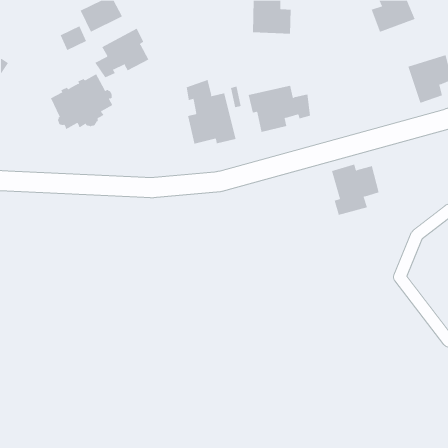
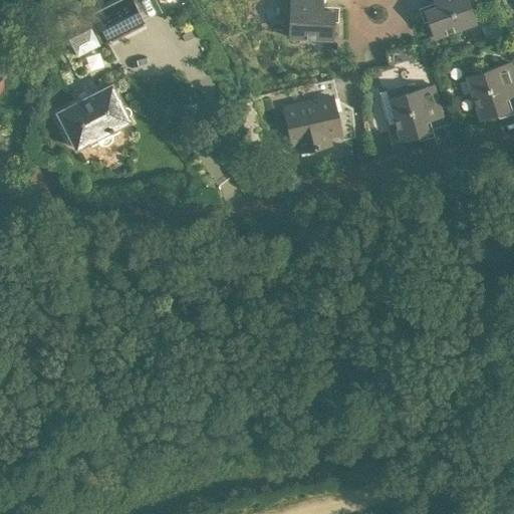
building: [94,28,149,78] -> none
building: [186,79,236,145] -> none
building: [331,164,379,215] -> [387,82,442,142]

